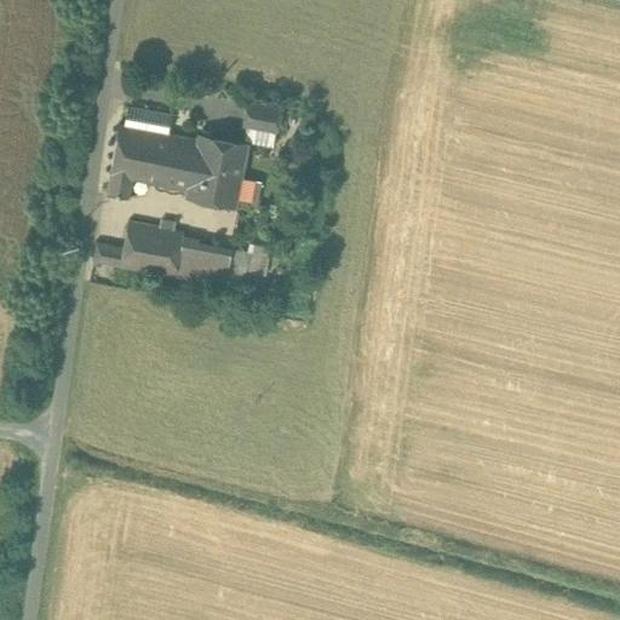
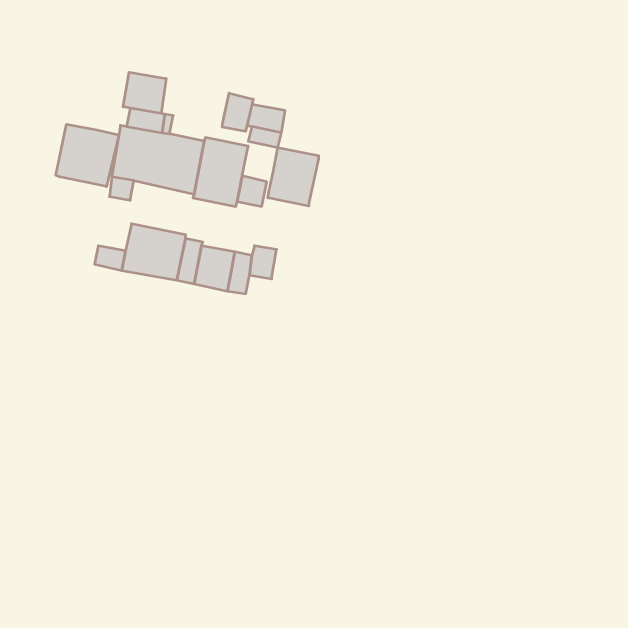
building: none -> [123,72,166,113]
building: none -> [222,93,253,131]
building: none -> [56,124,119,187]
building: none -> [268,147,319,206]

